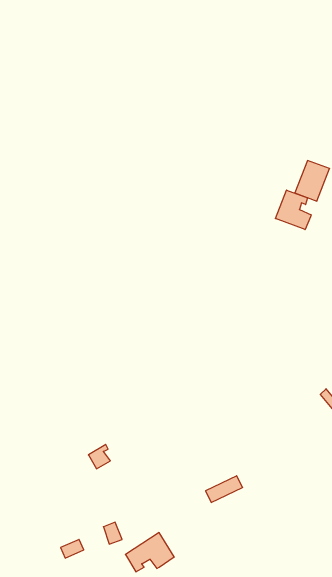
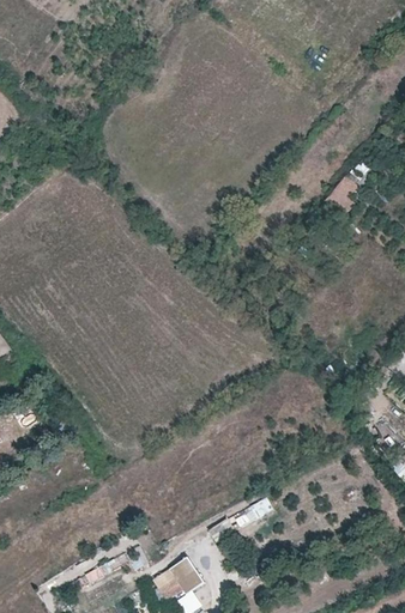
building: [275,190,311,230] -> none

